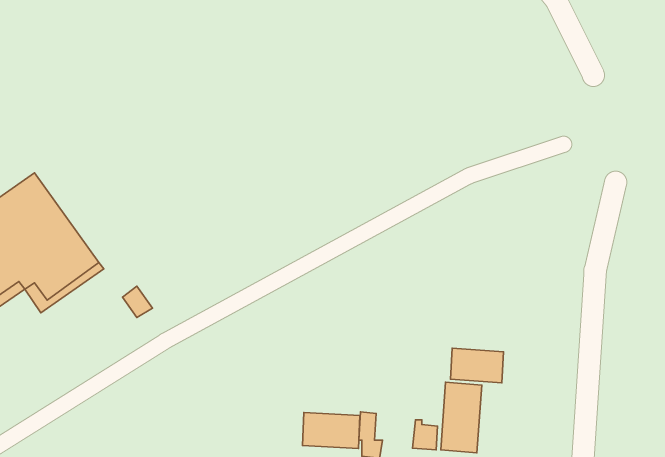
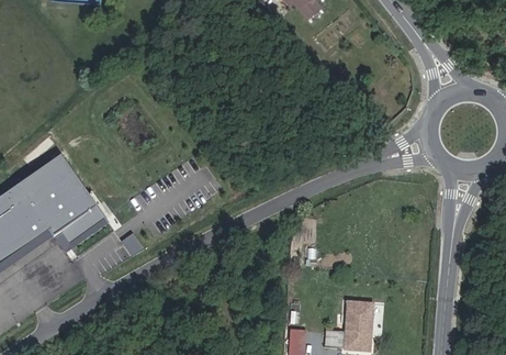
building: [451,348,504,383] -> none
building: [303,412,360,449] -> none

